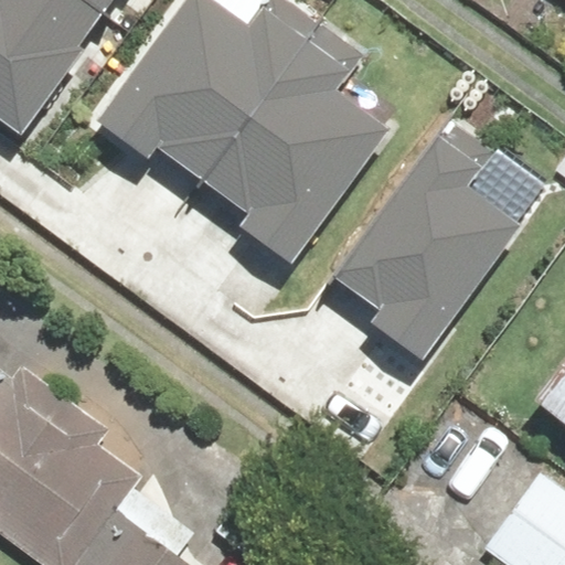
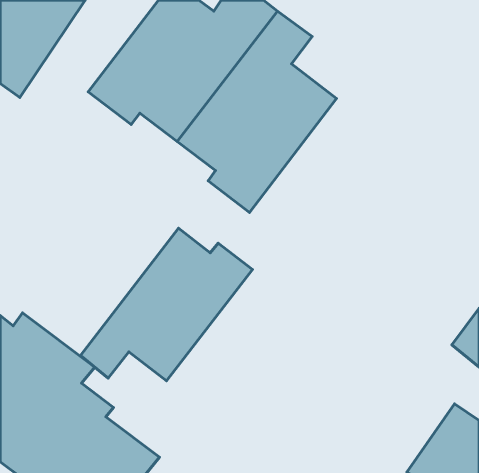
building: [332,121,521,358] -> none
building: none -> [80,228,253,381]

